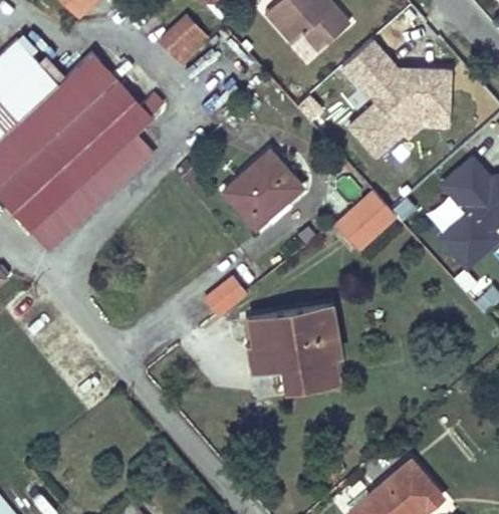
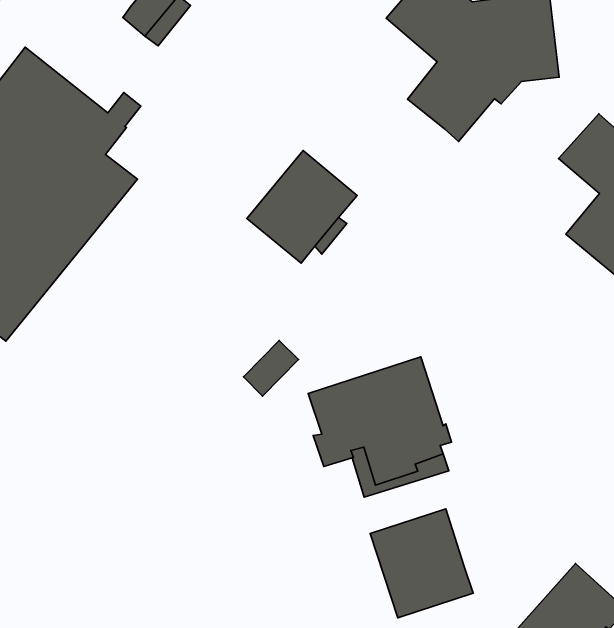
building: [334,191,396,249] -> none
building: none -> [370,509,473,618]

